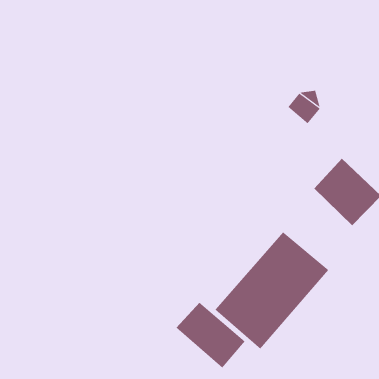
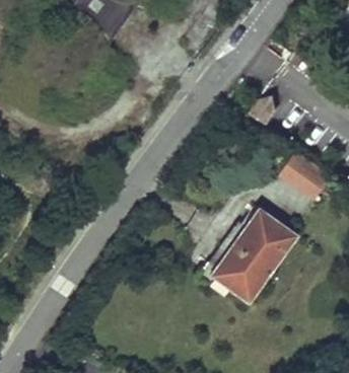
building: [176,302,245,368] -> none

